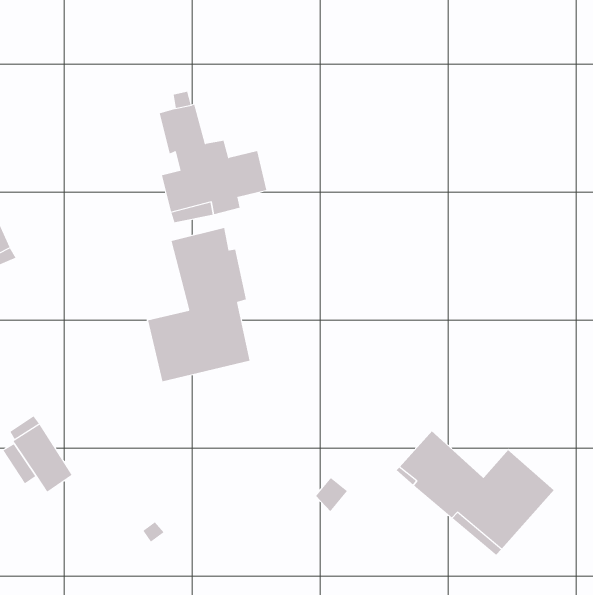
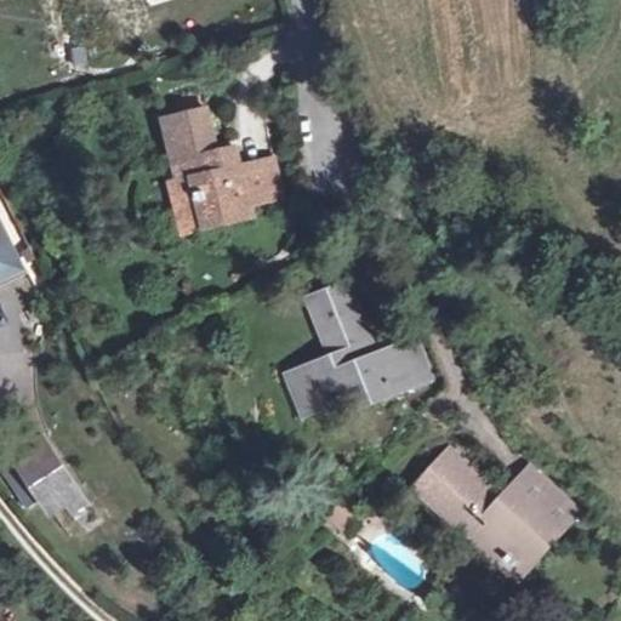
building: [148,227,250,382] -> none
building: none -> [289,284,429,414]

